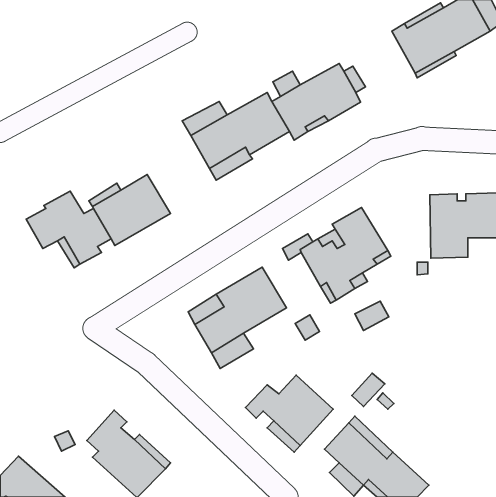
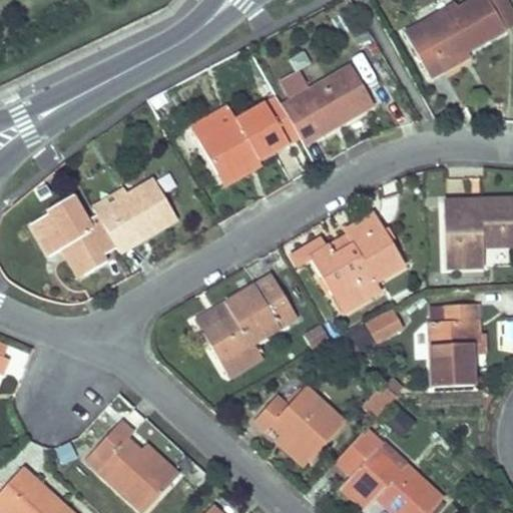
building: none -> [431,304,479,387]

